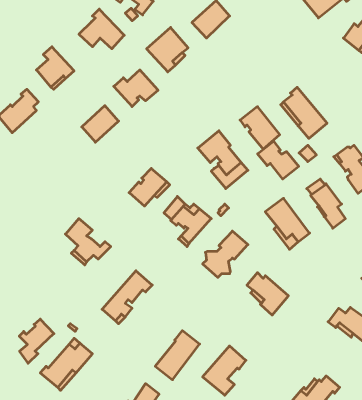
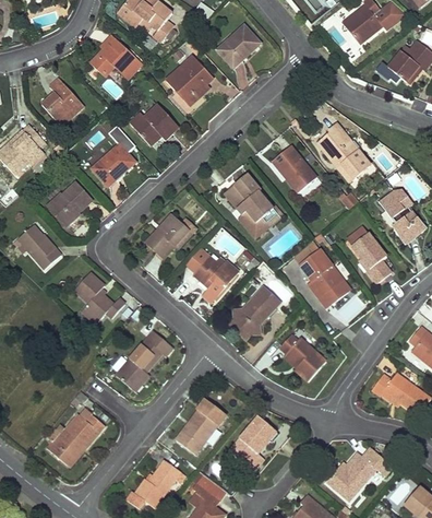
building: none -> [49,183,92,225]
building: [258,141,299,179] -> none
building: none -> [17,225,61,269]
building: [19,319,54,363] -> none

